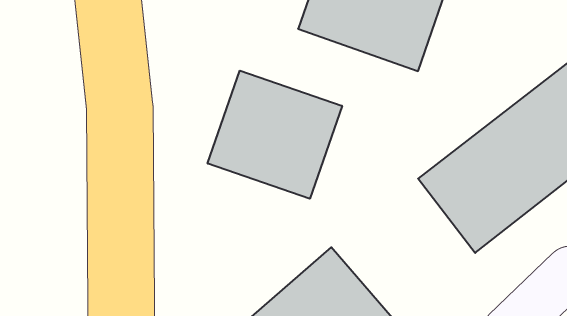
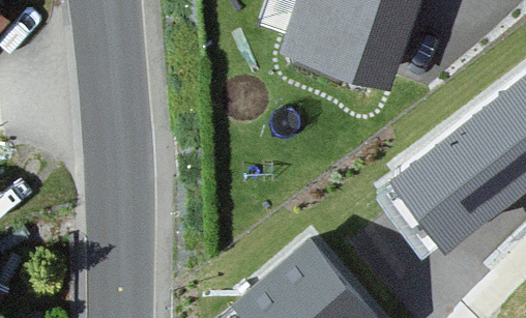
building: [208,71,342,199] -> none

